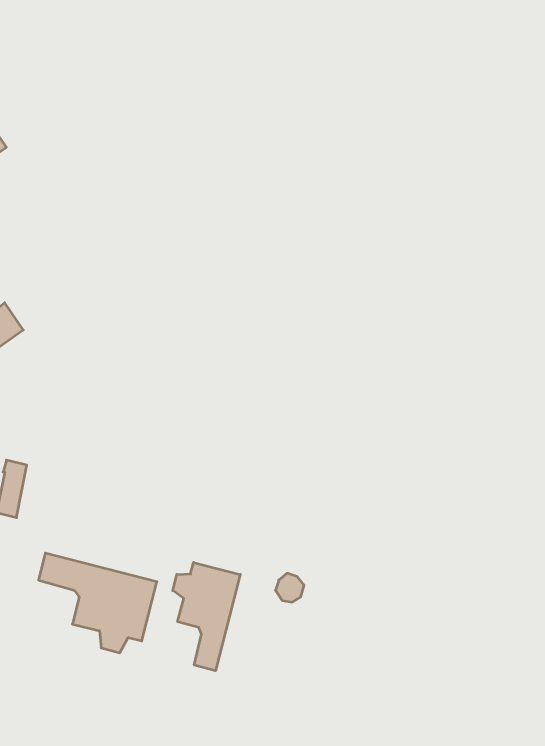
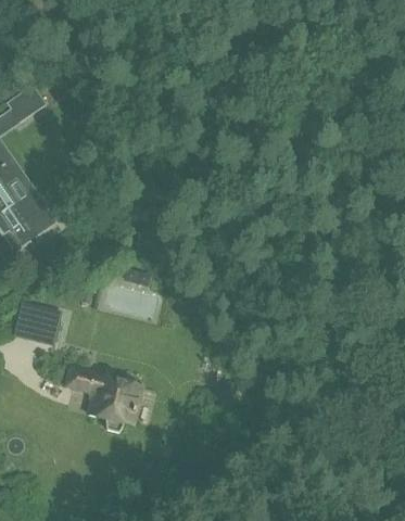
building: [173,562,240,671] -> none

